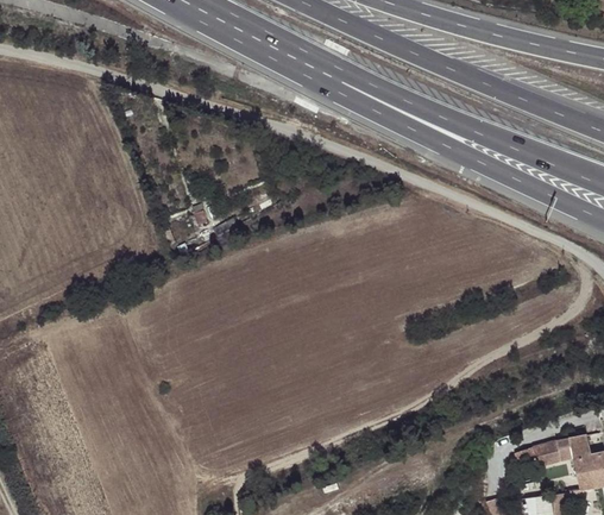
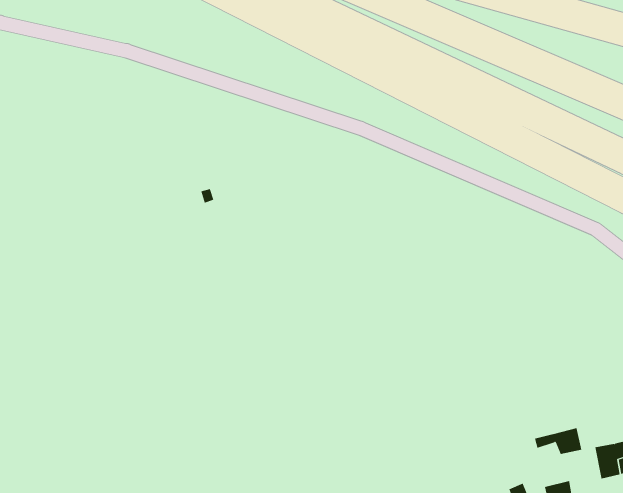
building: [558,434,593,461] -> none

